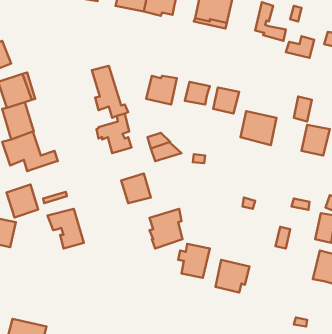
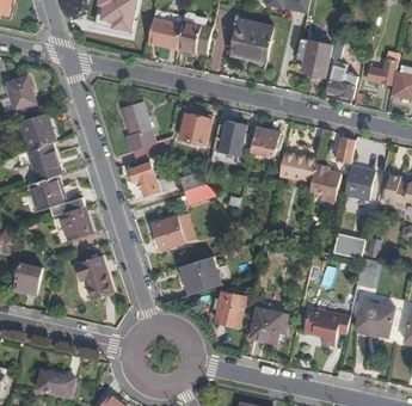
building: none -> [309,164,340,203]
building: [7,184,38,217] -> [60,204,93,239]
building: none -> [301,307,349,345]

